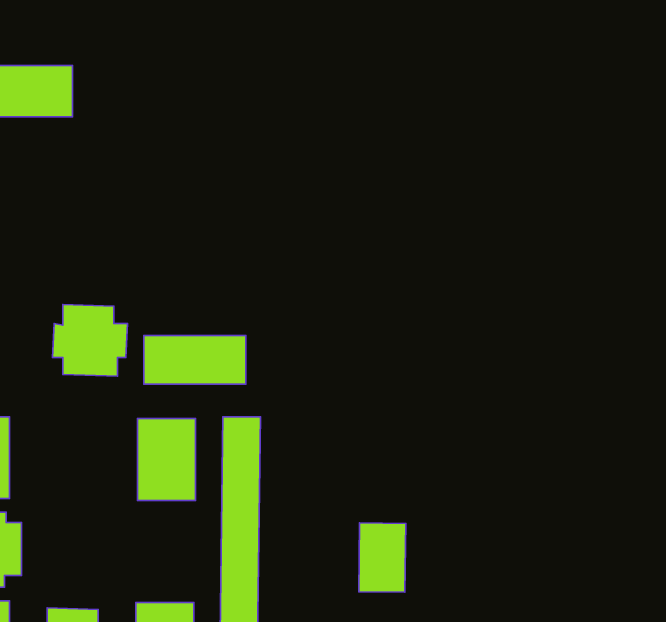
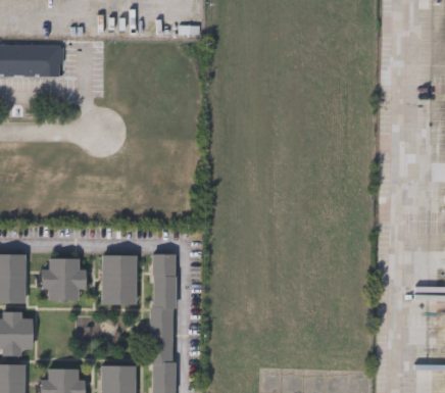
building: [53,305,128,376] -> [42,258,87,301]
building: [144,336,246,384] -> none
building: [359,523,406,592] -> none

